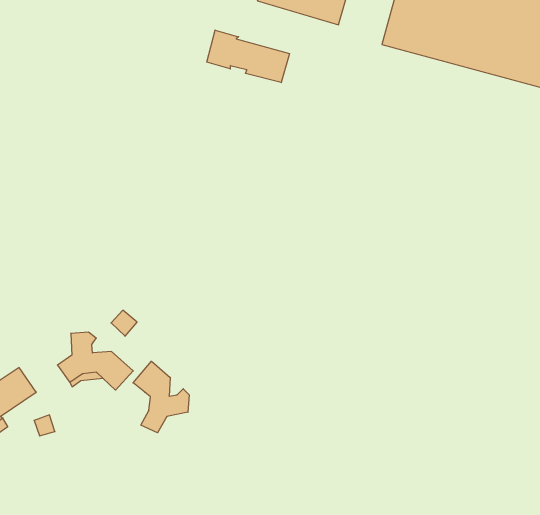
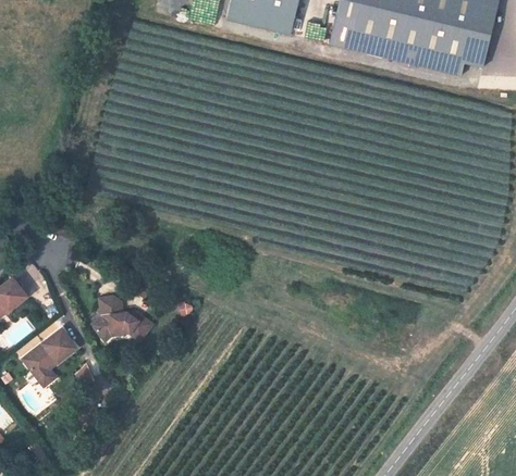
building: [207,30,290,83] -> none
building: [133,361,189,433] -> none

